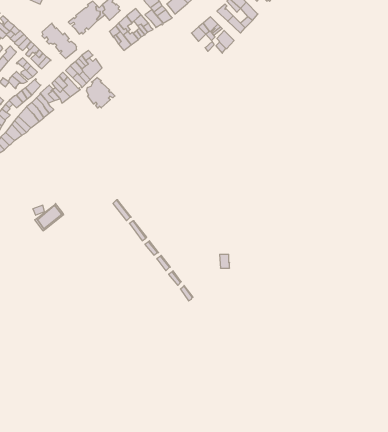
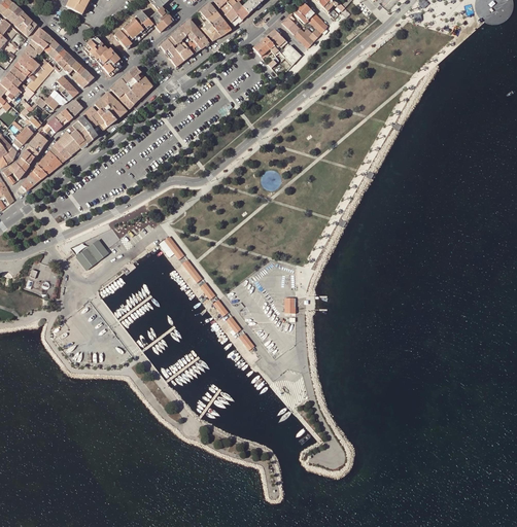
building: [86,77,115,108] -> none

